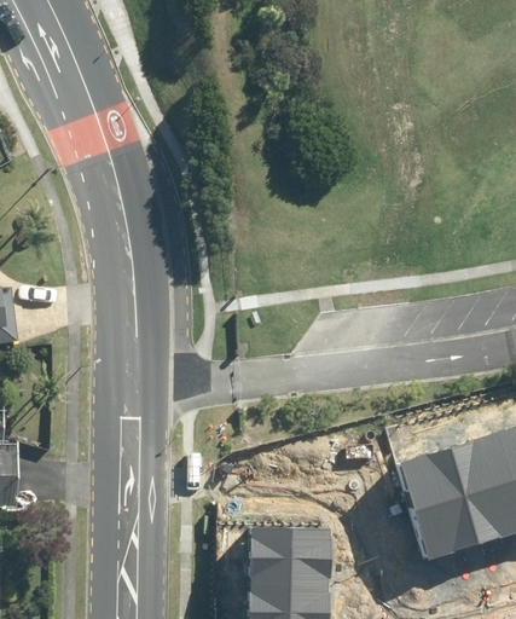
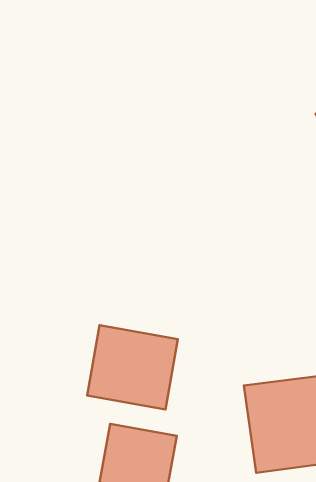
building: none -> [87,325,178,409]

